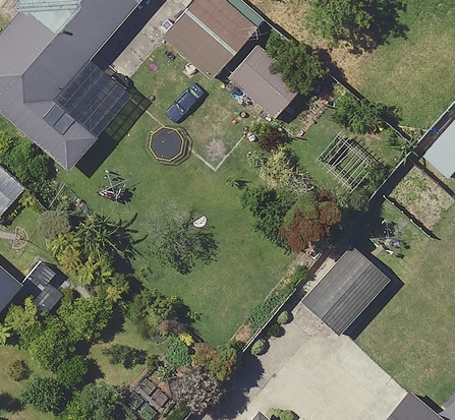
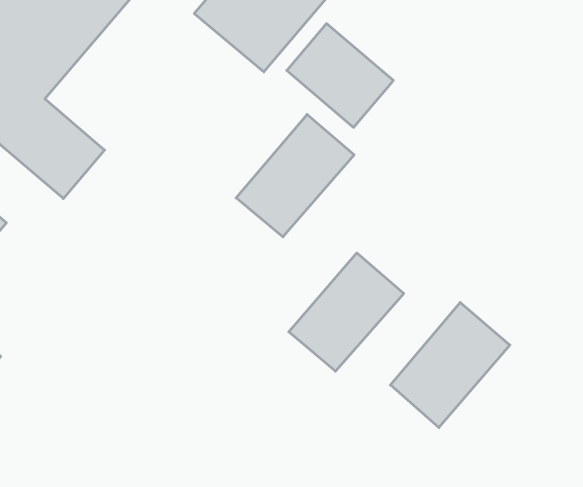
building: none -> [236,114,354,237]
building: none -> [289,253,404,371]

